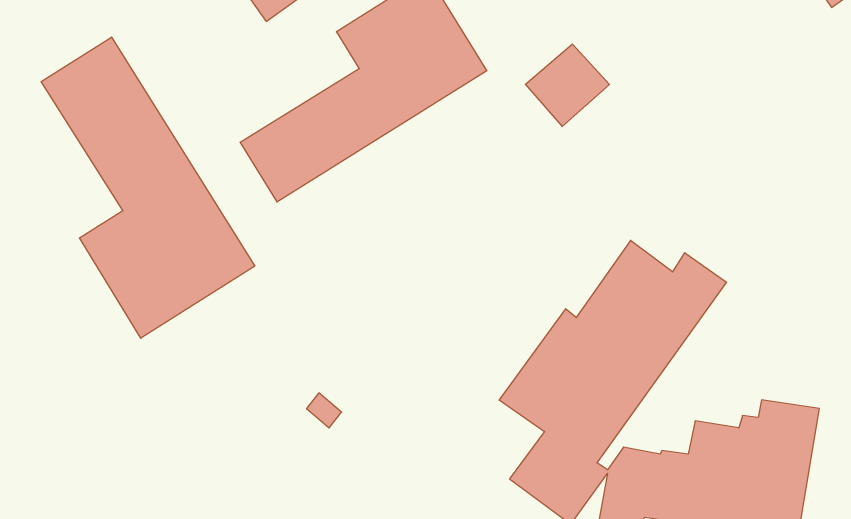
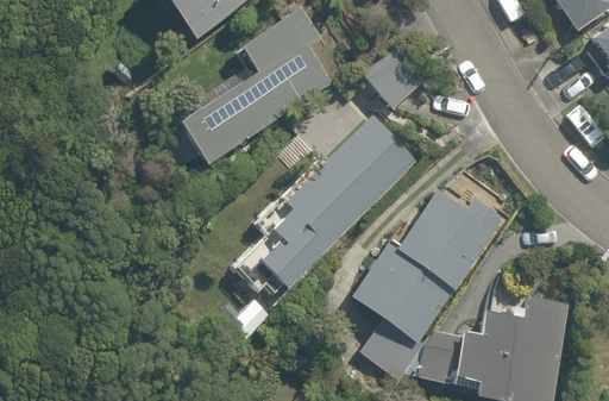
building: [41,37,255,338] -> none
building: none -> [259,114,419,288]

